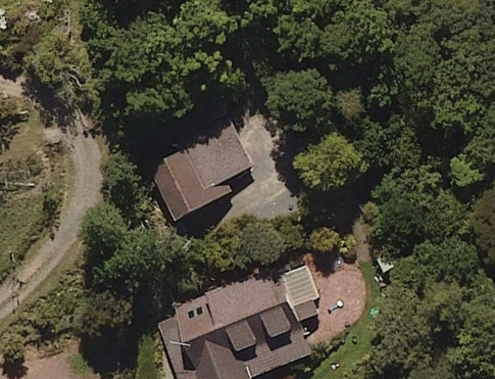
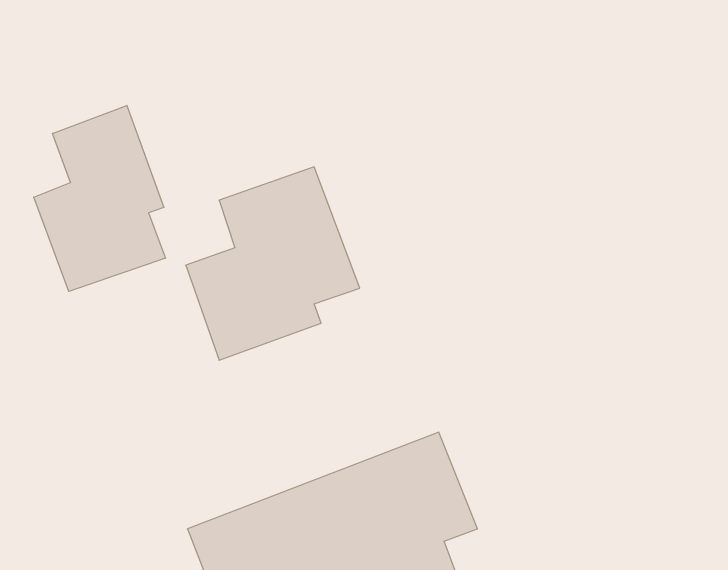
building: none -> [34,105,165,291]

